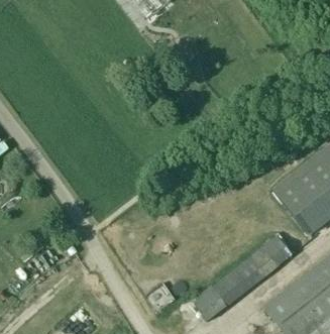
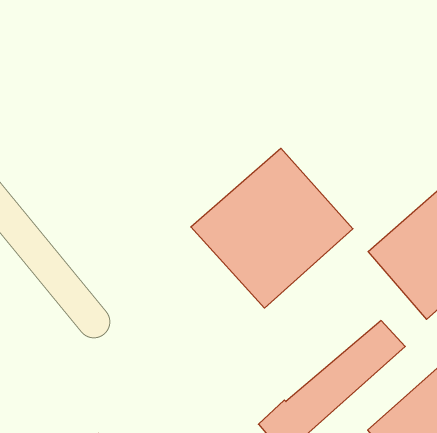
building: none -> [191,148,353,308]

